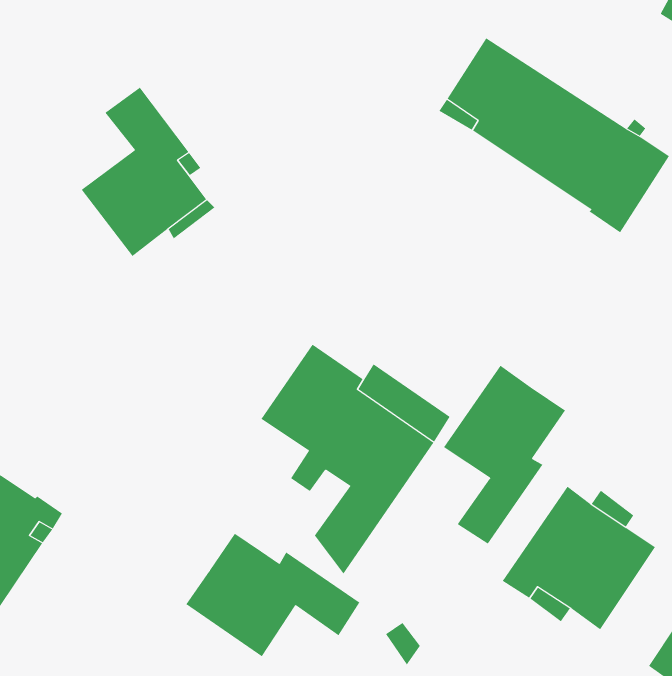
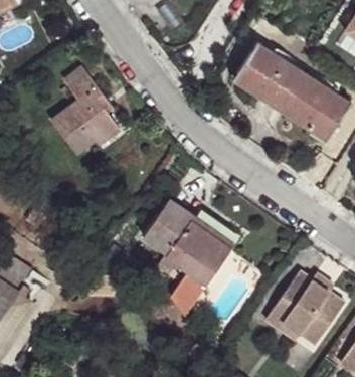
building: [443,365,566,545] -> none
building: [185,533,360,657] -> none

